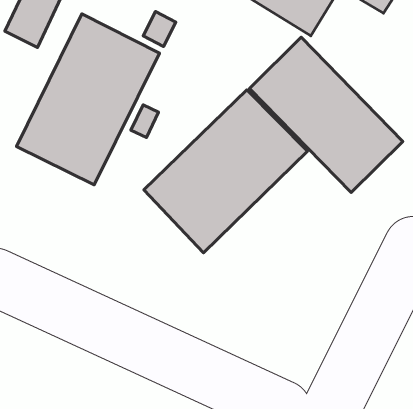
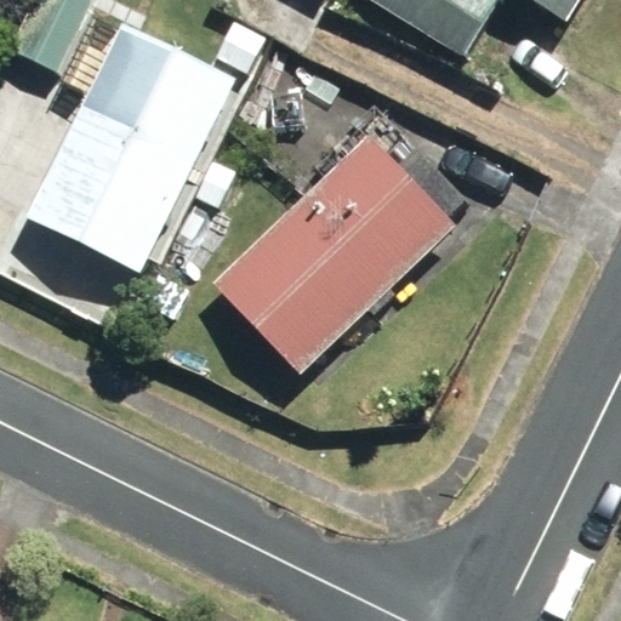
building: [249,37,403,192] -> none

